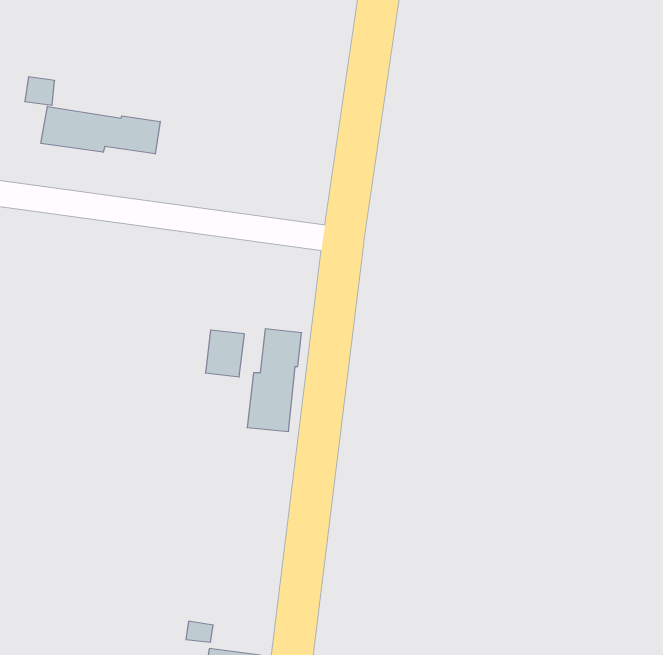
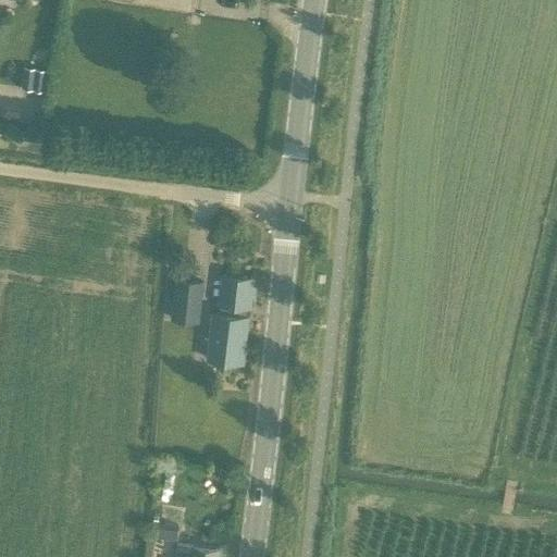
building: [41,106,160,154] -> none

